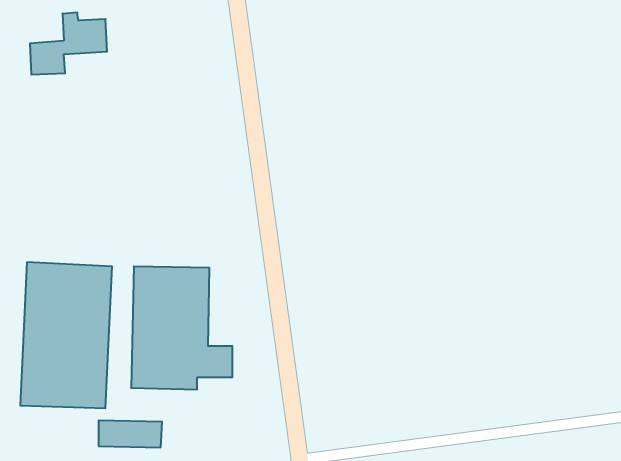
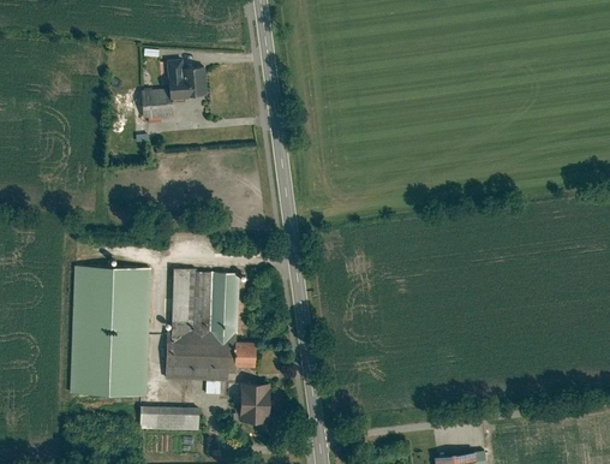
building: [30,12,107,75] -> [139,61,208,117]
building: none -> [239,380,279,421]

